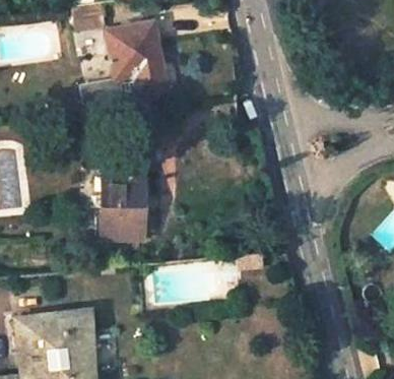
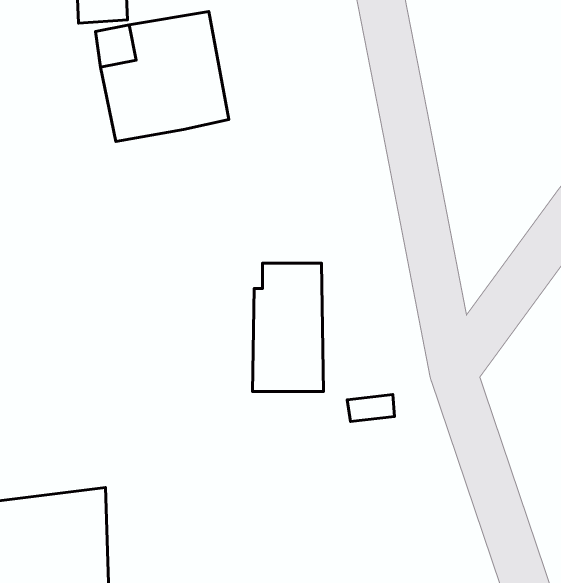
building: [105,161,147,238] -> [252,263,323,391]

